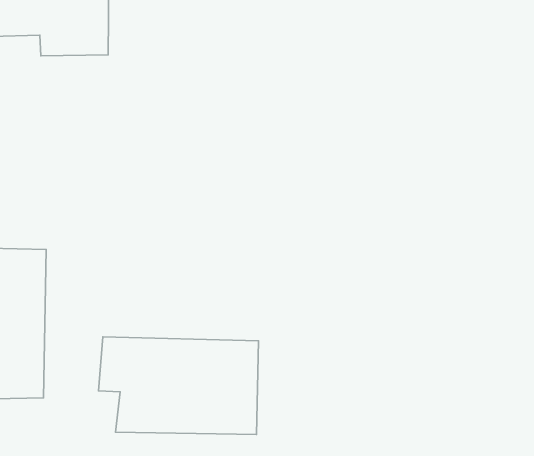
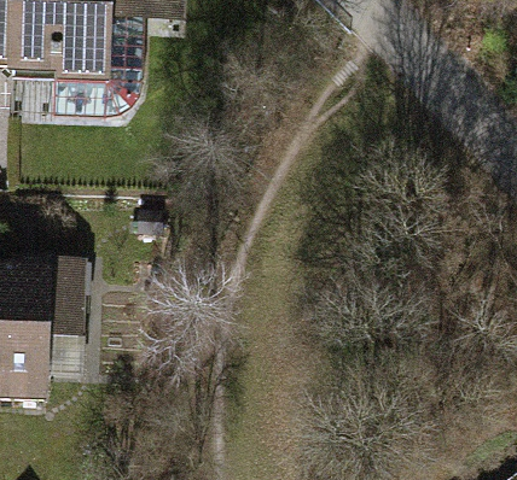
building: [99,337,259,435] -> none

